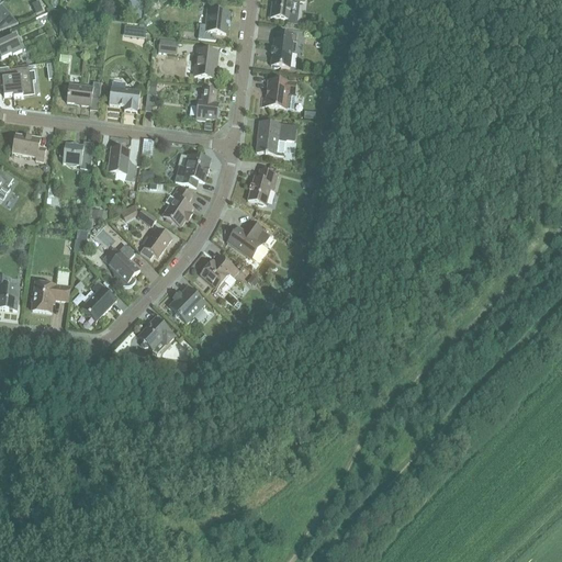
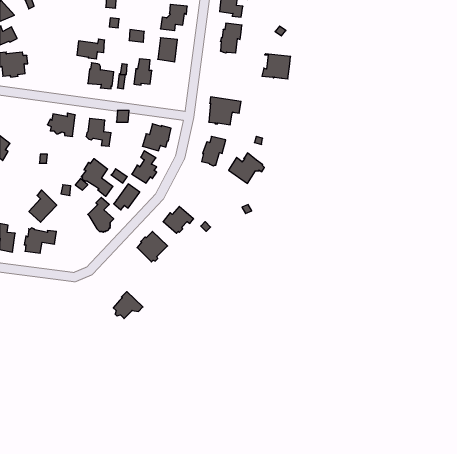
building: [260,76,295,106] -> [262,54,291,79]
building: [66,79,100,103] -> [77,39,105,59]
building: [195,86,217,117] -> [134,59,152,85]
building: [11,131,45,159] -> none
building: none -> [81,159,113,196]
building: [227,218,271,256] -> [229,153,264,183]
building: [81,279,115,318] -> [29,190,57,222]
building: [138,314,175,347] -> [113,292,143,319]

